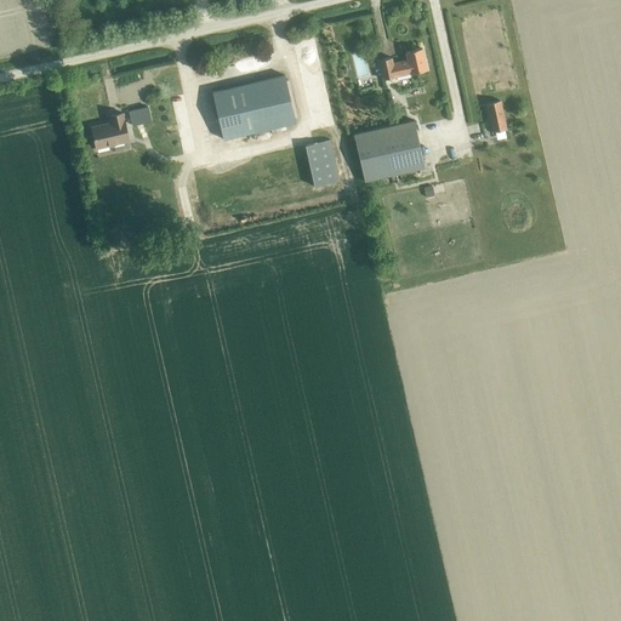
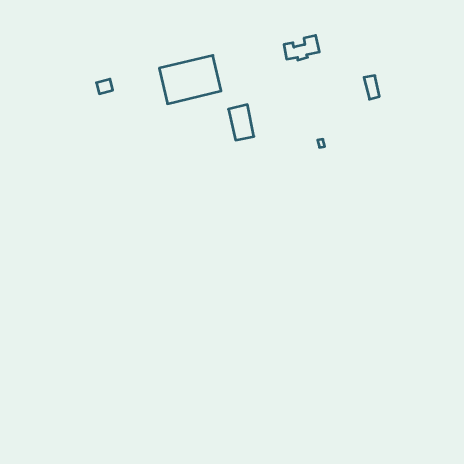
building: [92,114,130,149] -> none
building: [354,121,426,182] -> none

